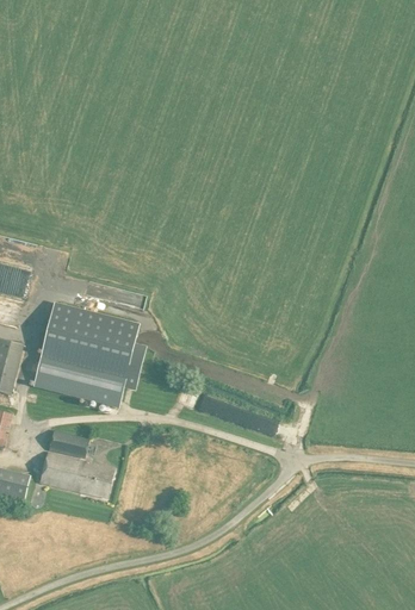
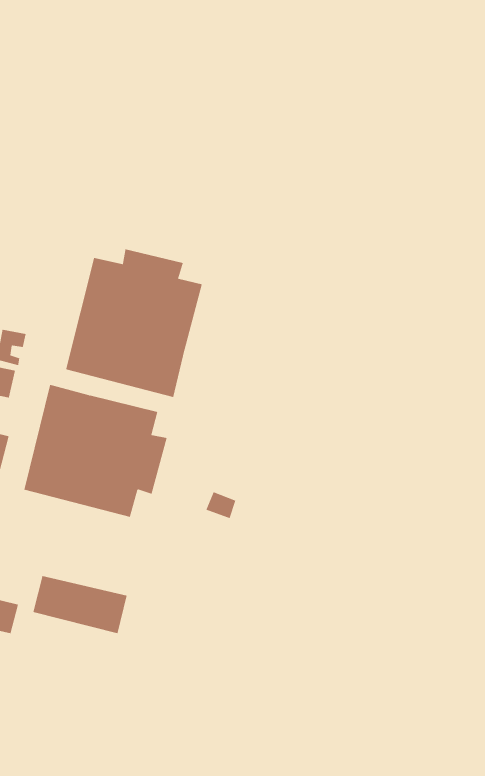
building: none -> [66,249,202,398]
building: [49,429,88,458] -> none

